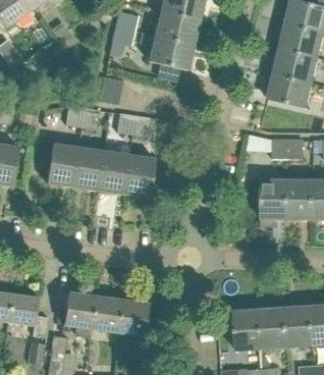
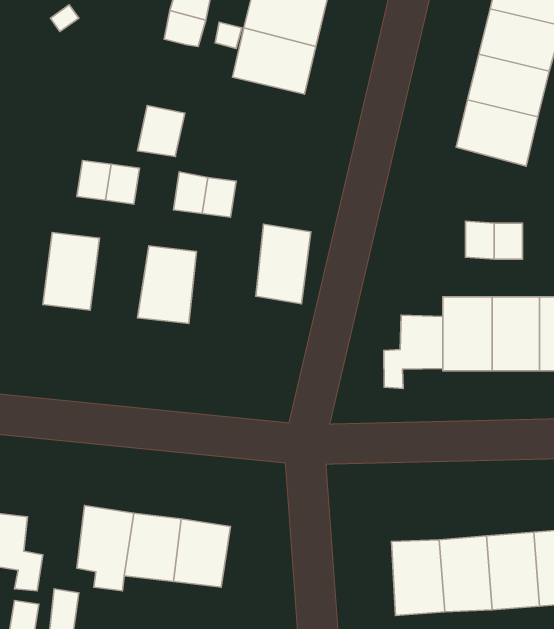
building: [71,148,103,191] -> none
building: [124,155,154,198] -> [256,224,311,304]
building: none -> [384,315,443,389]

